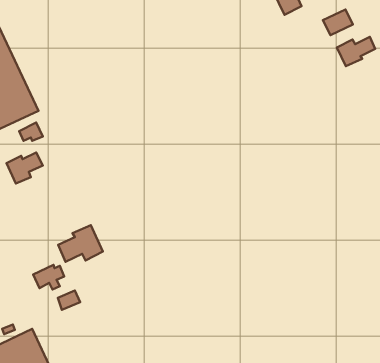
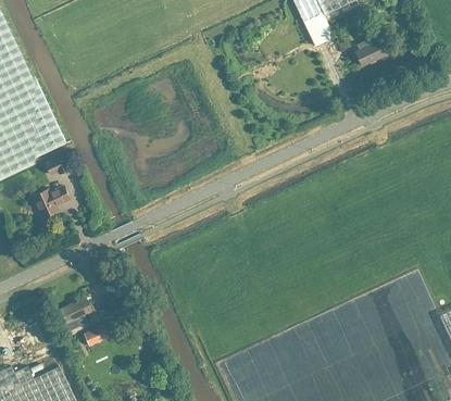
building: [337,37,375,66] -> none
building: [58,225,103,262] -> none

